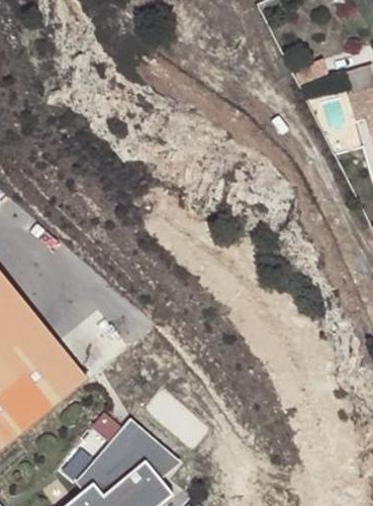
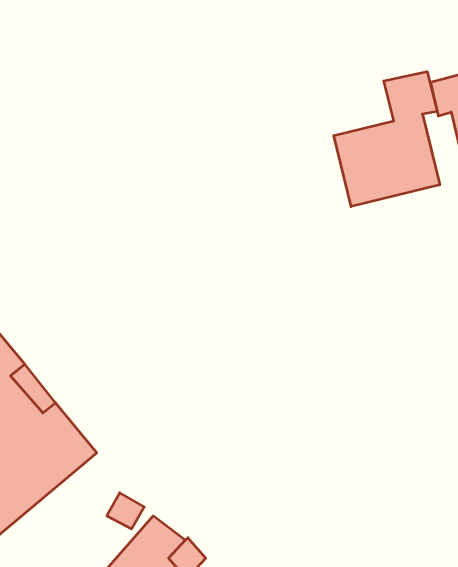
building: none -> [334,72,440,207]

